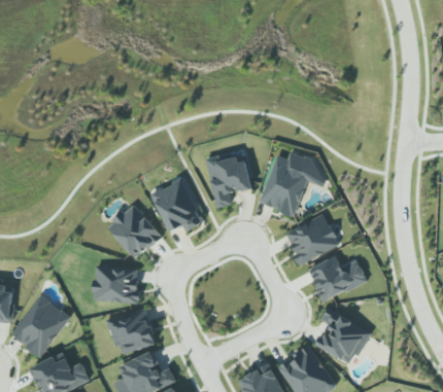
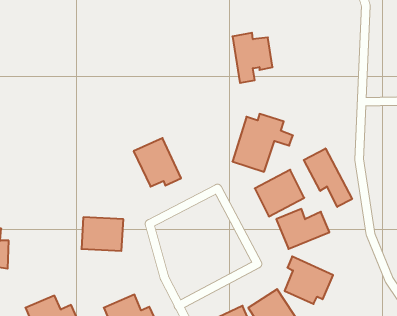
building: [207,152,251,208] -> [232,33,273,83]
building: none -> [304,148,352,207]
building: [106,203,162,258] -> none
building: [10,294,70,356] -> none
building: [107,309,155,353] -> none

